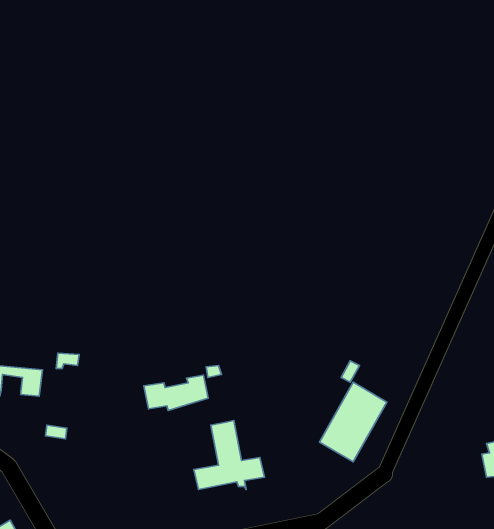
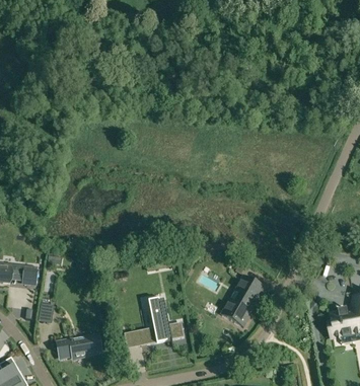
building: [144,375,208,410] -> [58,335,100,359]

